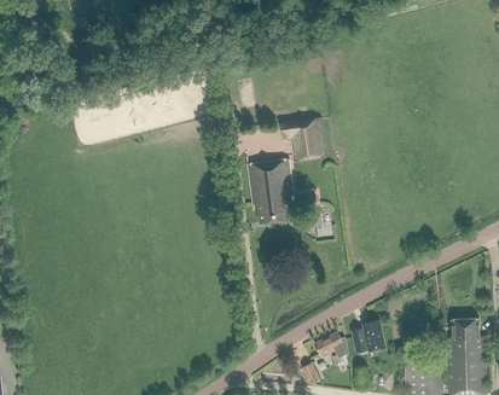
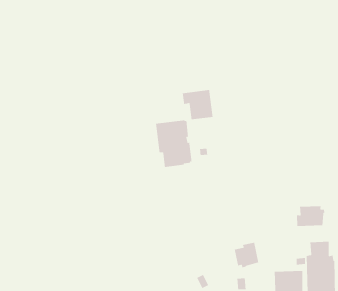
building: none -> [296,205,325,227]
building: [314,332,348,358] -> none

